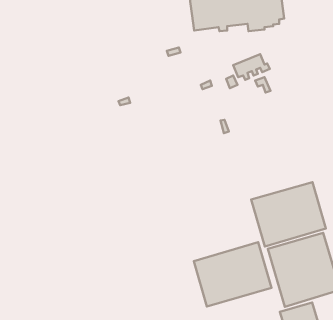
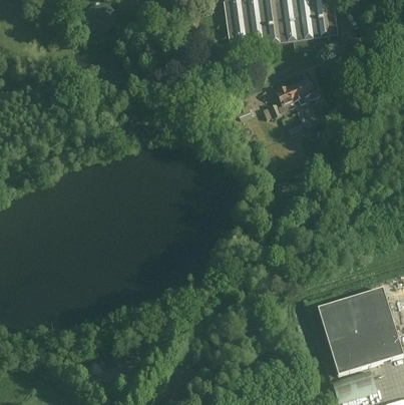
building: [251,182,326,246] -> none
building: [194,242,272,306] -> none

